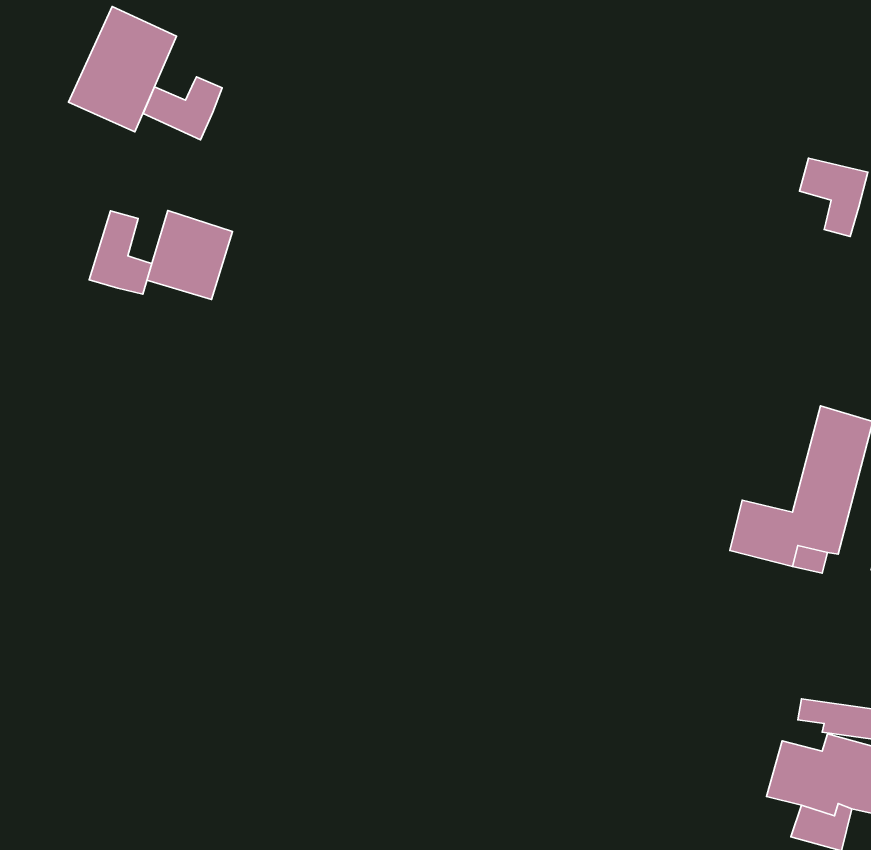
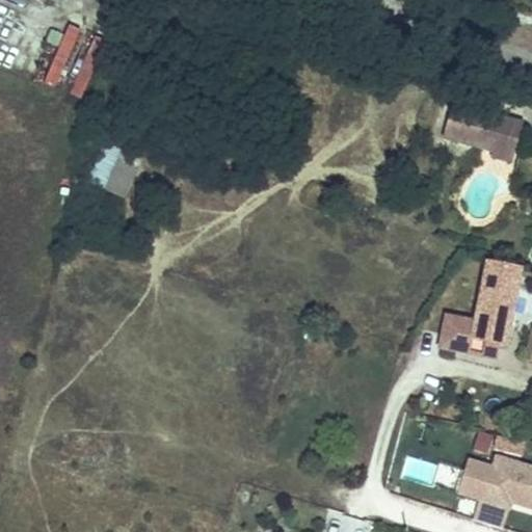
building: [143,77,222,140] -> none
building: none -> [443,102,498,150]
building: [89,211,152,294] -> none

